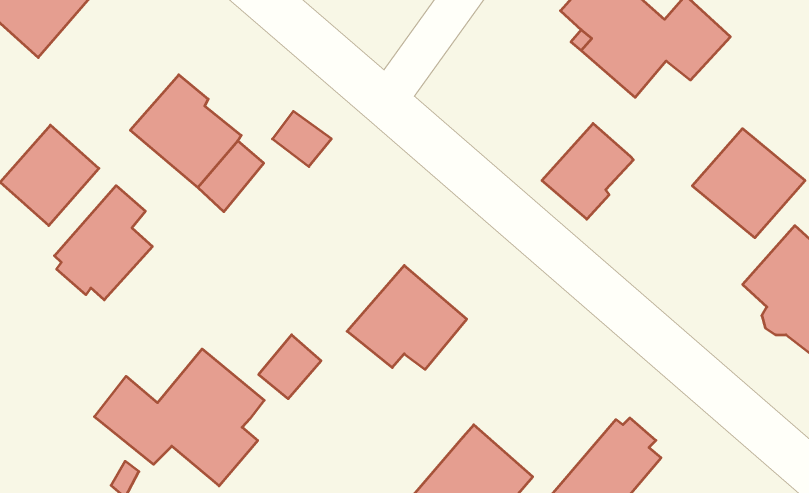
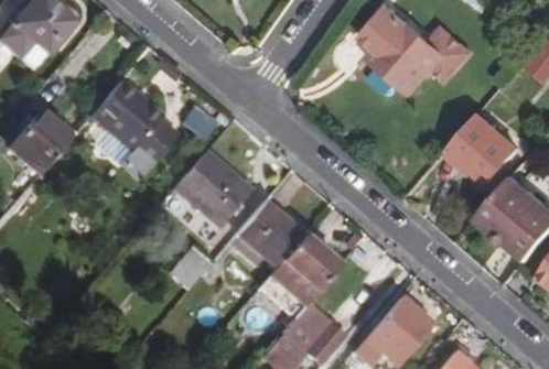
building: [542,123,633,219] -> none
building: [54,186,152,300] -> none
building: none -> [173,150,249,226]
building: none -> [269,235,342,310]
building: [94,349,264,486] -> none

